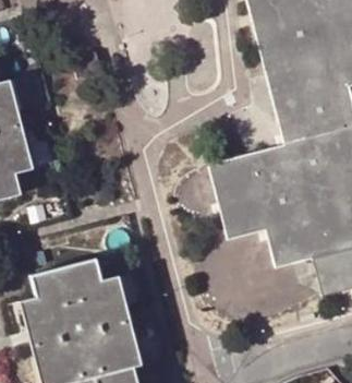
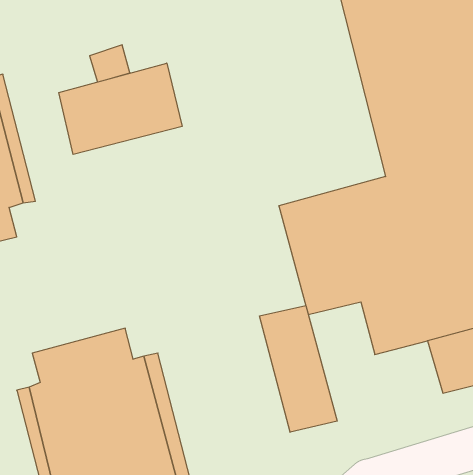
building: none -> [59,63,182,154]
building: none -> [260,305,337,432]

